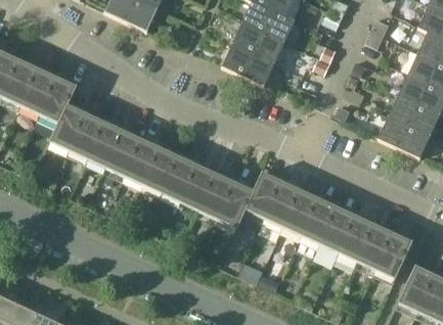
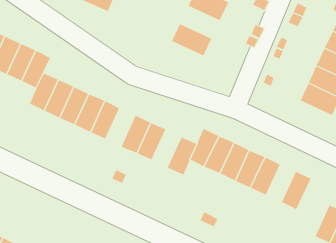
building: [234,21,283,61] -> none
building: [144,146,180,193] -> none
building: [201,172,236,219] -> none
building: [340,215,375,261] -> none
building: [376,232,413,278] -> none

